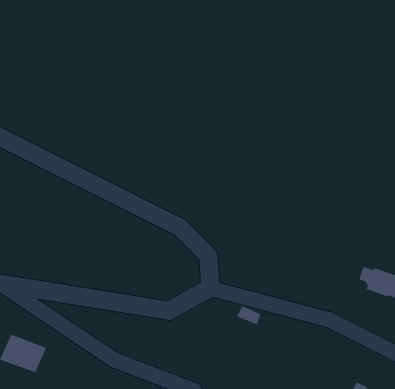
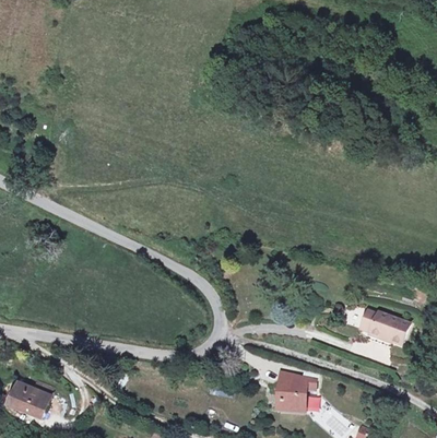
building: none -> [277,371,316,412]

